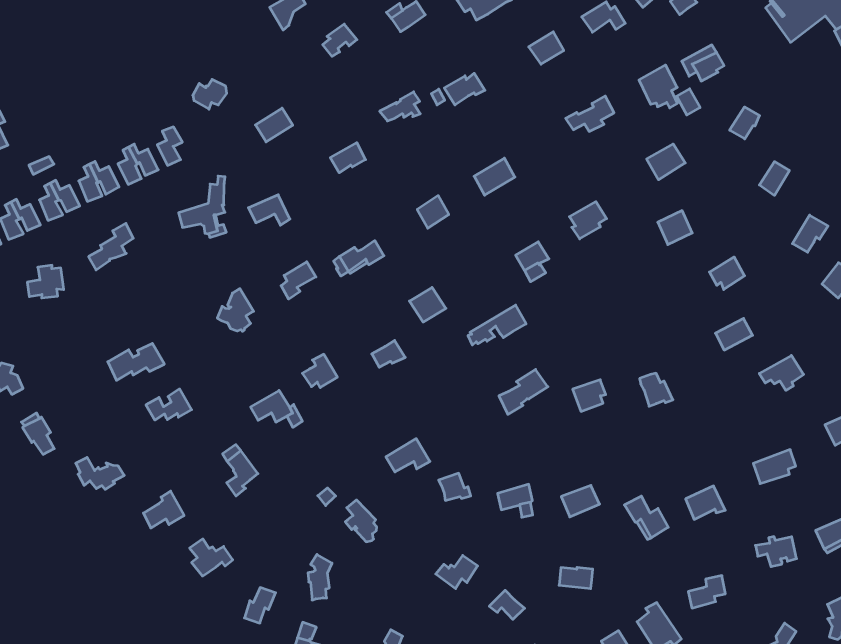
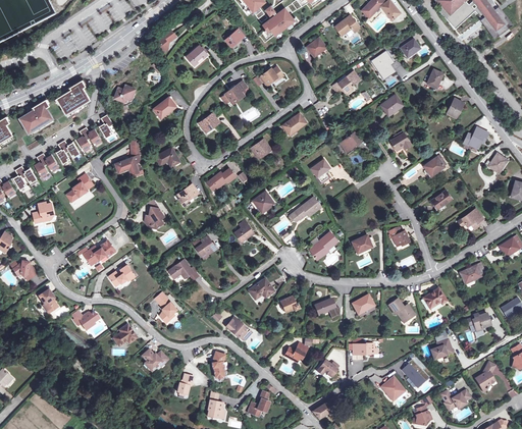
building: none -> [56,78,91,116]
building: none -> [20,98,53,131]

